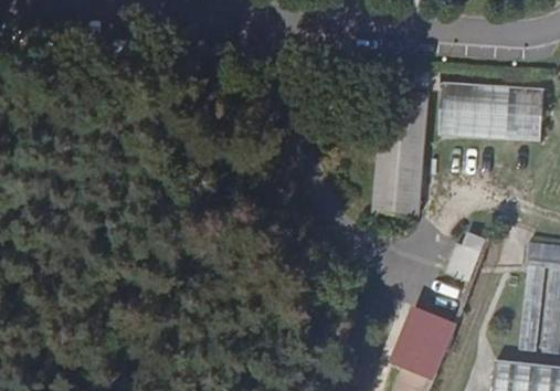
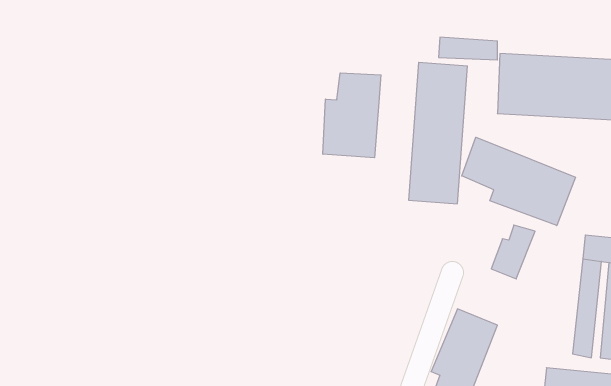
building: none -> [323,73,381,158]
building: none -> [462,137,576,226]

